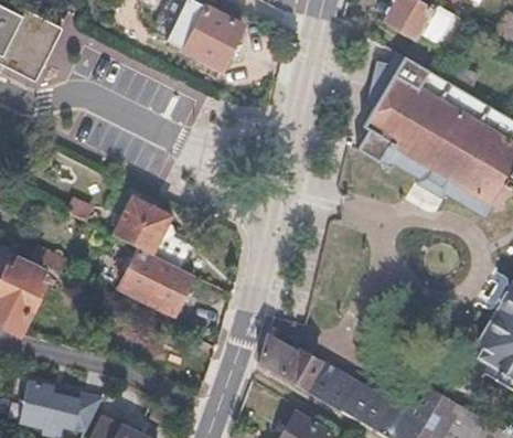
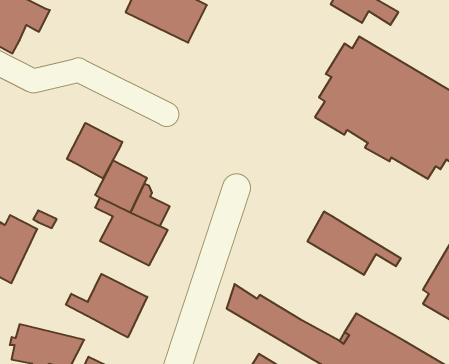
building: none -> [67,123,122,179]
building: none -> [308,211,401,275]
building: none -> [66,274,147,337]

